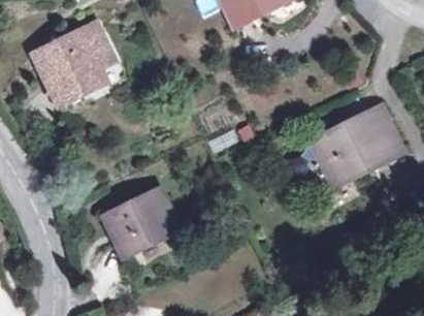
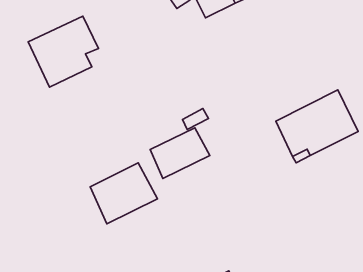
building: none -> [150,128,210,178]

